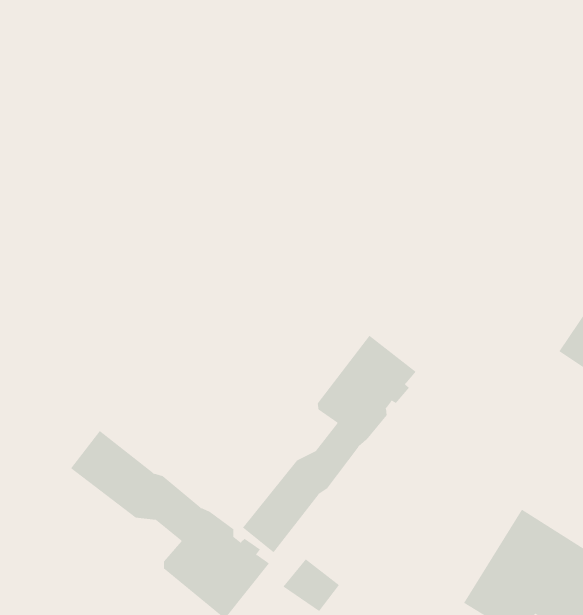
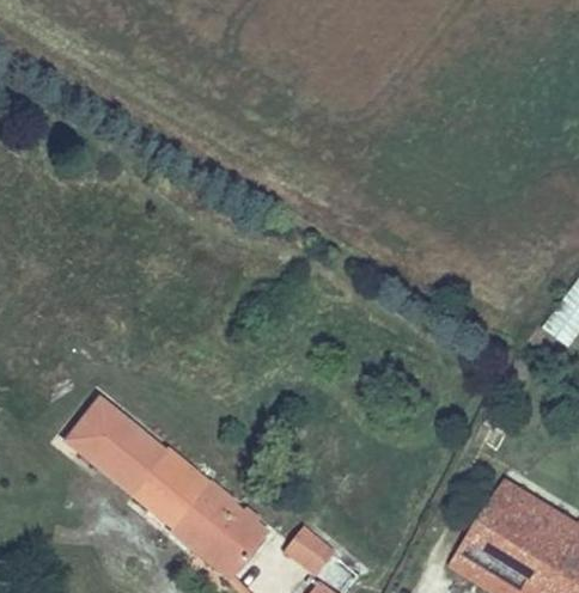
building: [242,335,416,553] -> none
building: none -> [62,397,187,528]

